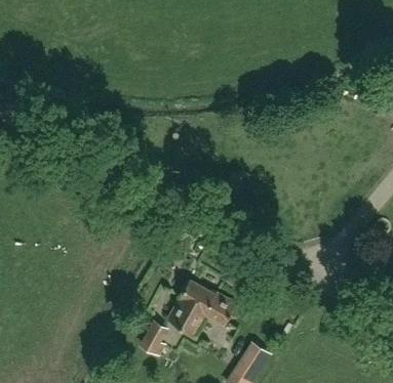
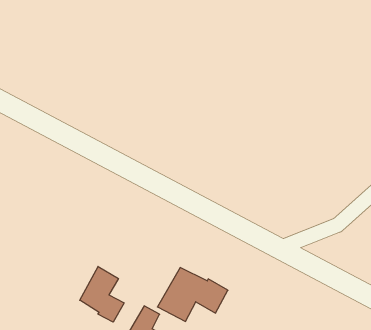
building: none -> [80,266,124,322]

